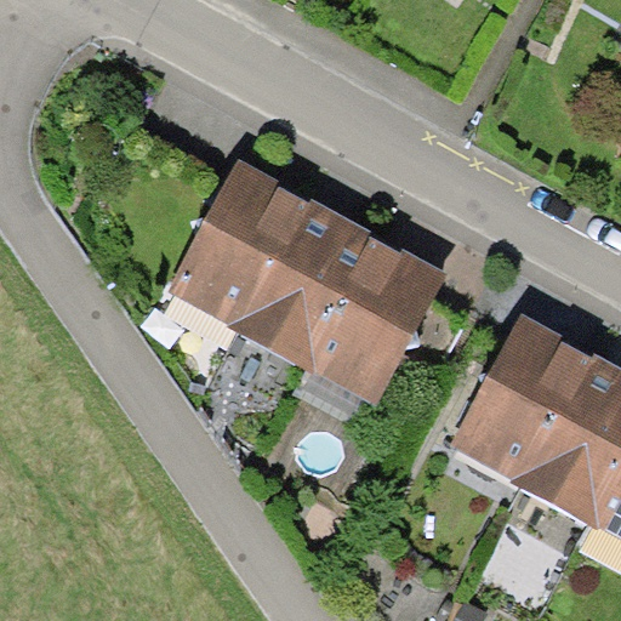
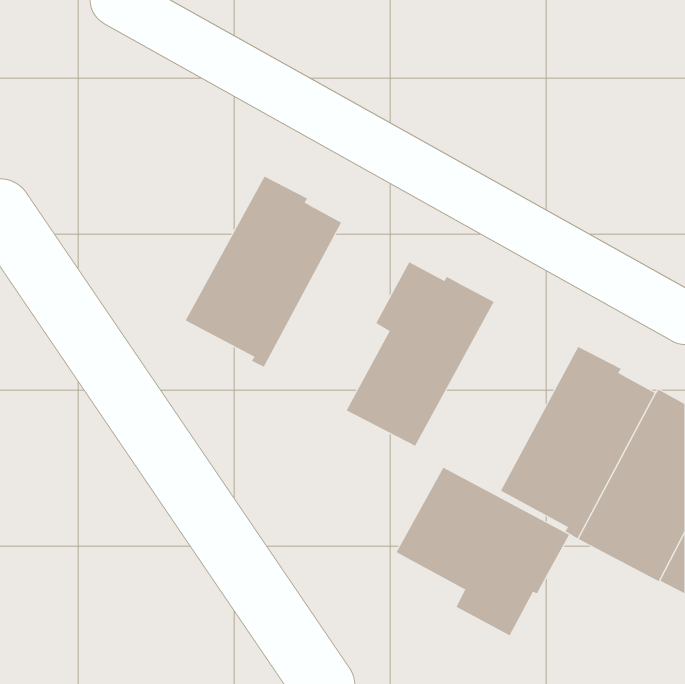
building: [239,199,372,374] -> none
building: none -> [396,467,570,636]

